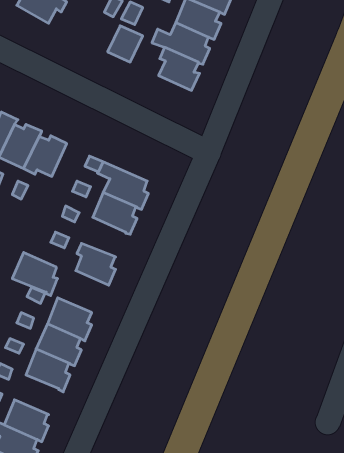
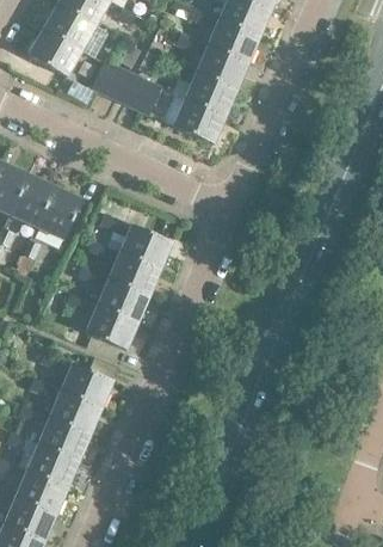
building: none -> [89,61,126,99]
building: [12,252,58,296] -> [95,278,143,324]
building: none -> [25,444,73,488]

